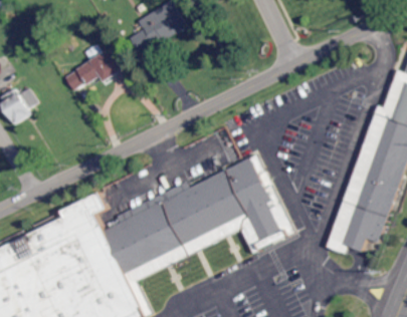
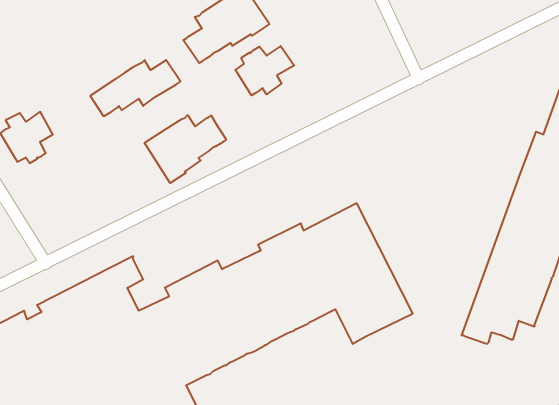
building: none -> [235,46,294,95]
building: none -> [145,115,226,183]

